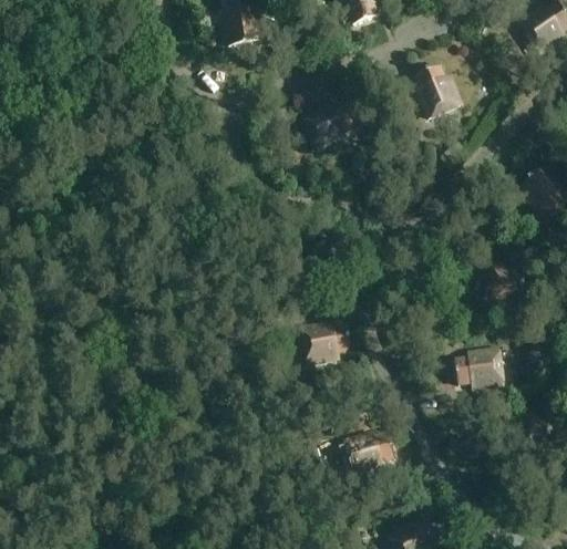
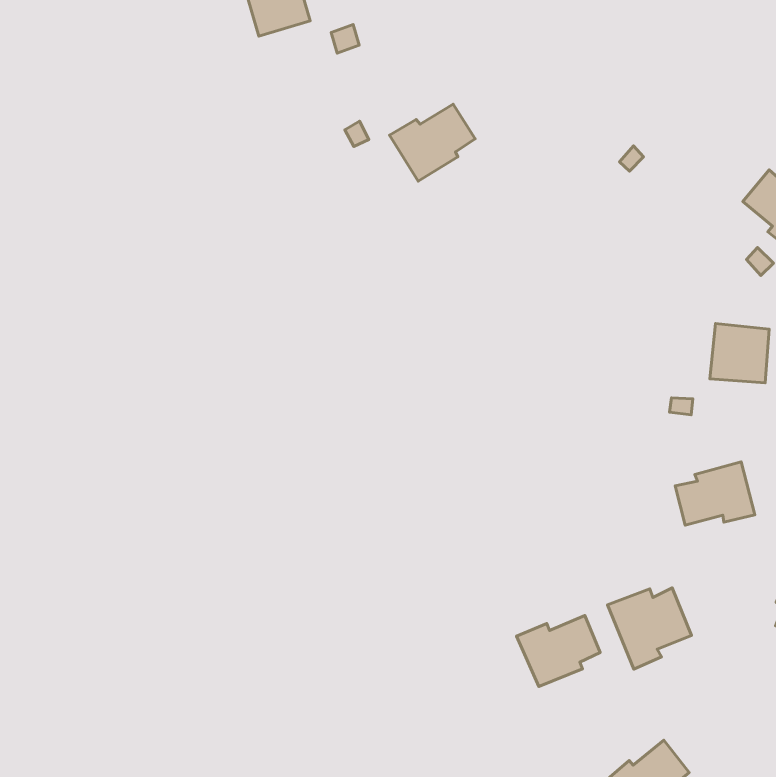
building: [416,64,461,116] -> none
building: [302,323,352,361] -> none
building: none -> [607,588,692,669]

